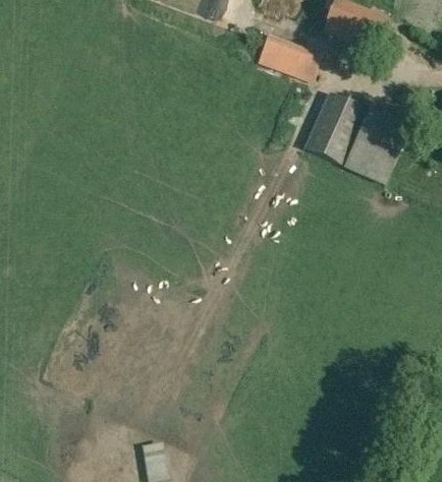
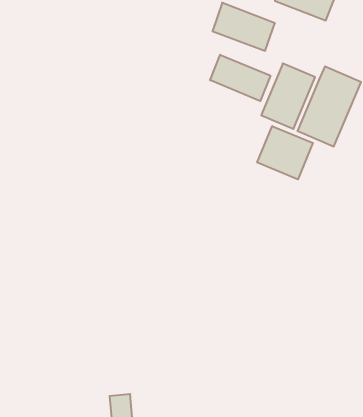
building: none -> [210,55,270,101]
building: none -> [257,126,313,179]

